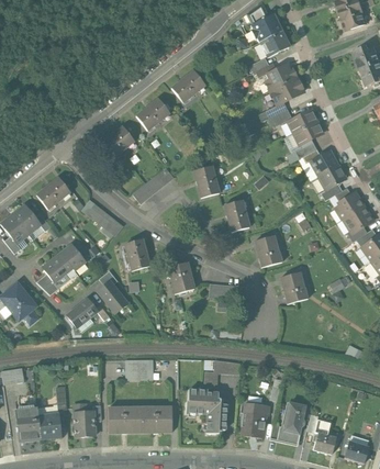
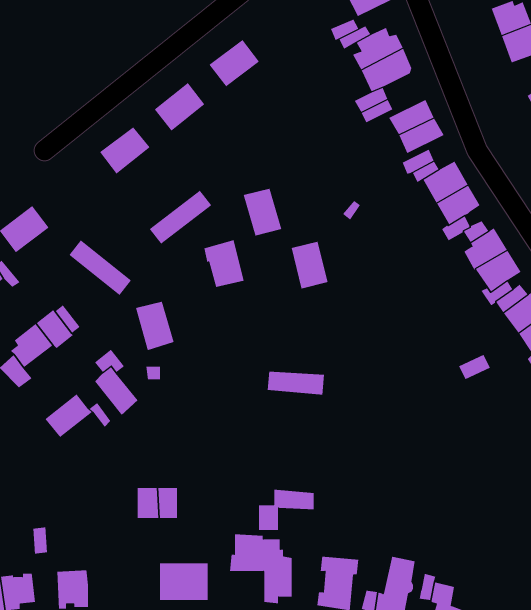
building: [254,235,281,266] -> none
building: [167,261,193,292] -> [203,240,244,288]
building: [280,271,308,302] -> none
building: [108,406,139,431] -> none

